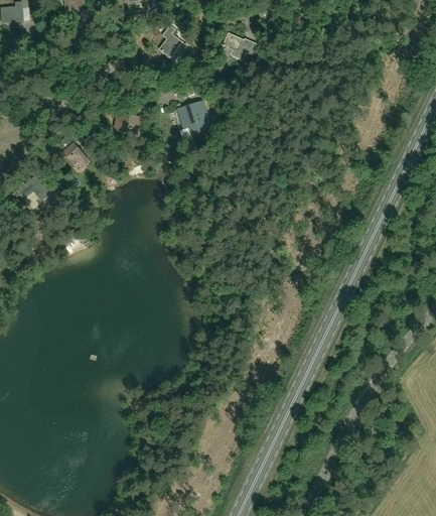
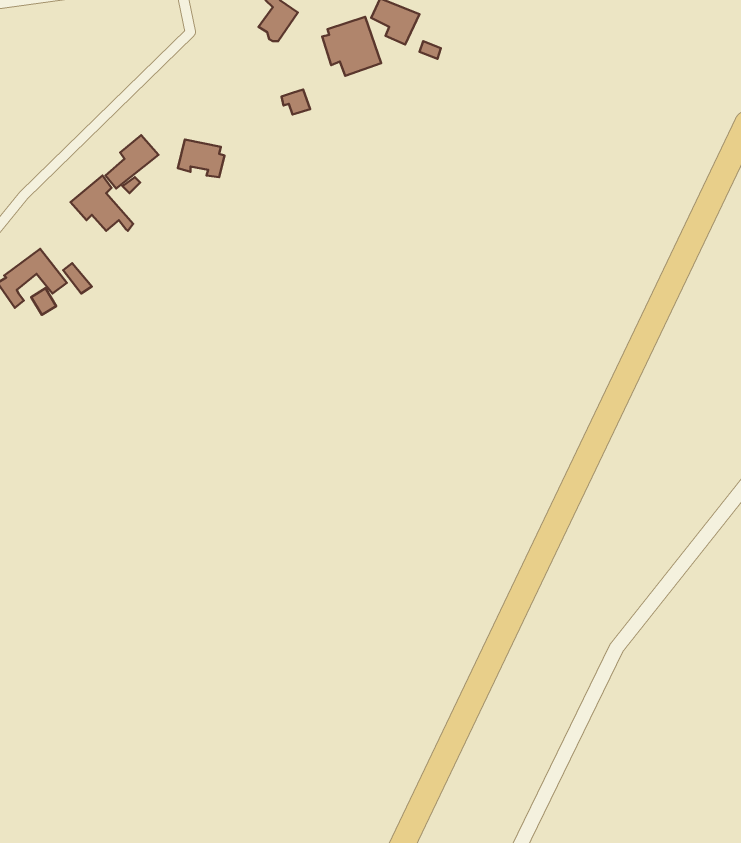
building: [178,101,211,134] -> [322,17,381,76]
building: none -> [105,135,158,188]

